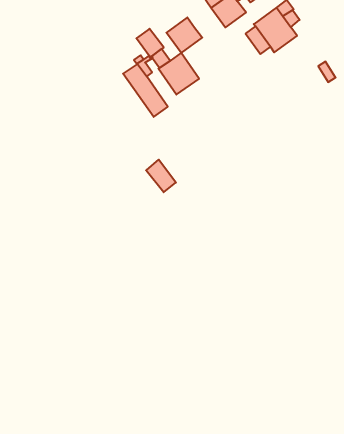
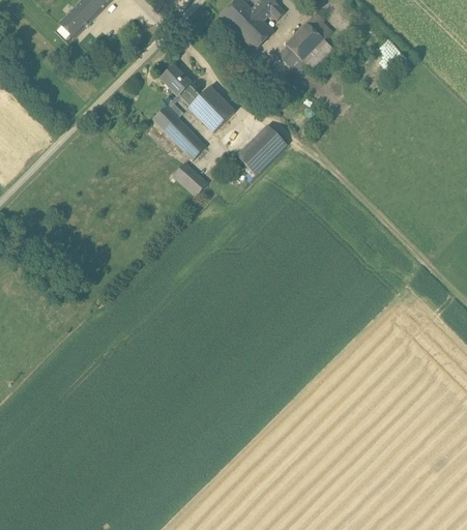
building: [166,17,202,53] -> none
building: none -> [237,124,286,173]
building: [146,160,176,192] -> [173,160,207,195]

